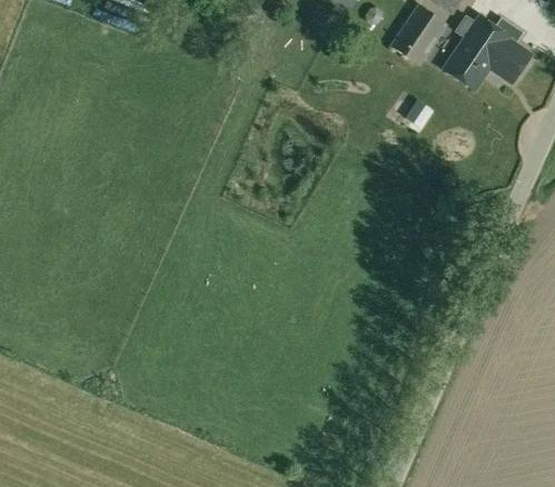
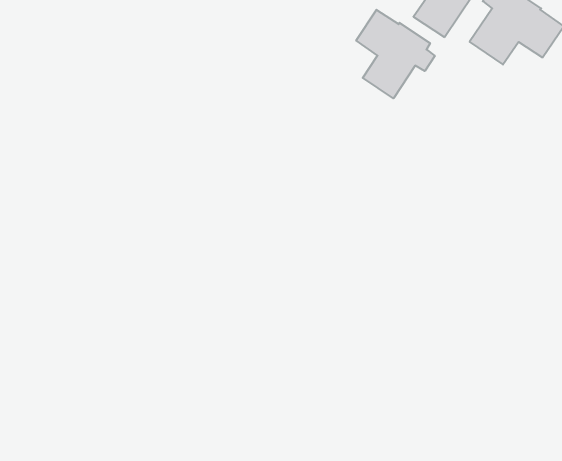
building: none -> [356,10,435,98]

